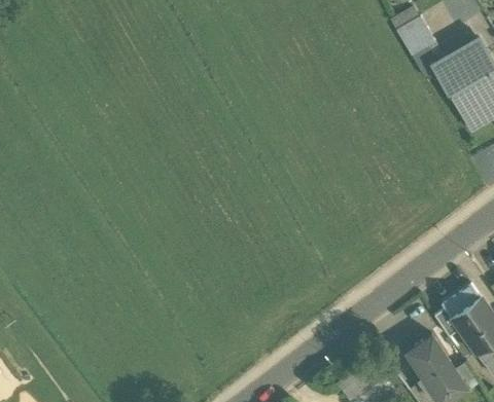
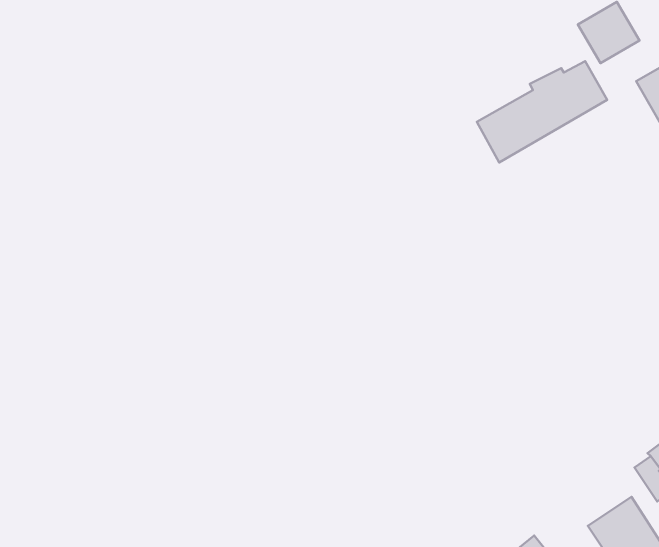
building: none -> [477,61,607,163]

